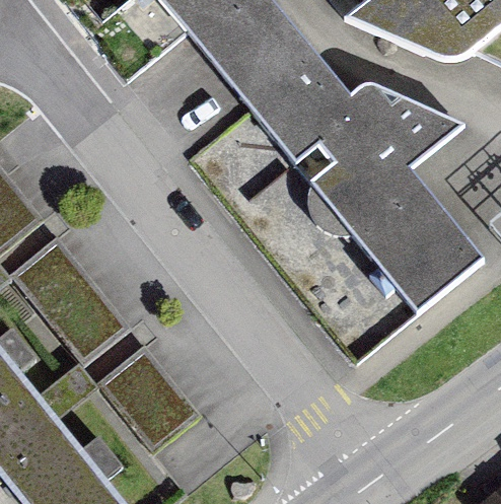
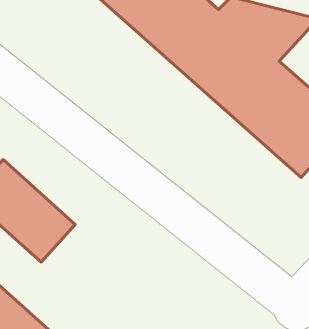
building: [96,341,202,451] -> none

